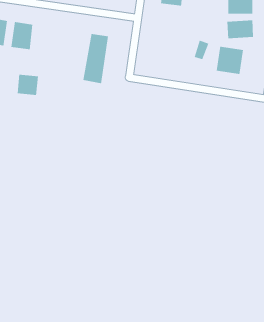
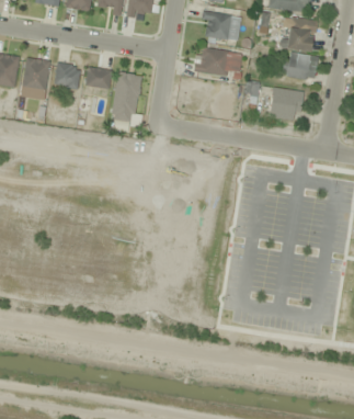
building: none -> [197,46,242,77]
building: none -> [88,67,111,87]
building: [17,74,39,95] -> [55,63,81,88]

